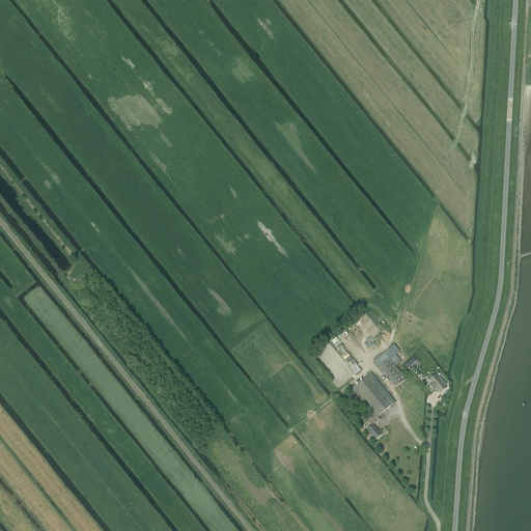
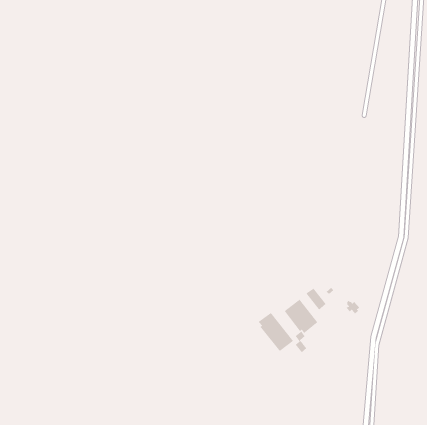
building: none -> [258,312,294,352]

